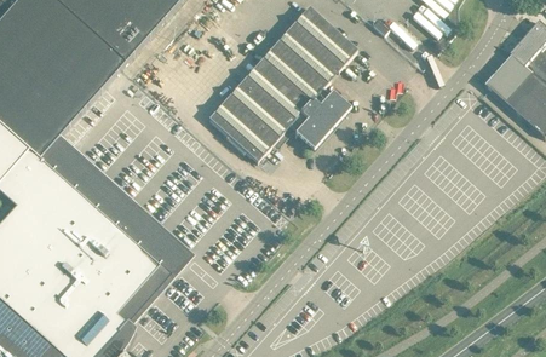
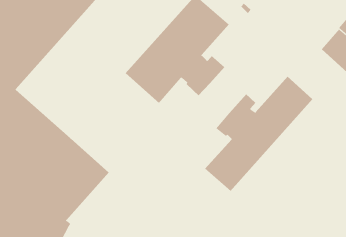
building: none -> [204,76,313,192]

